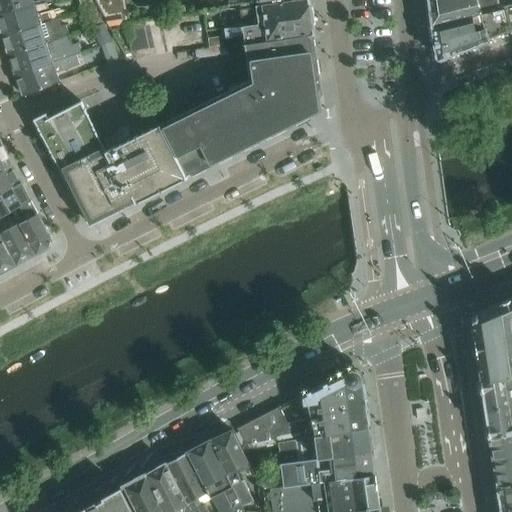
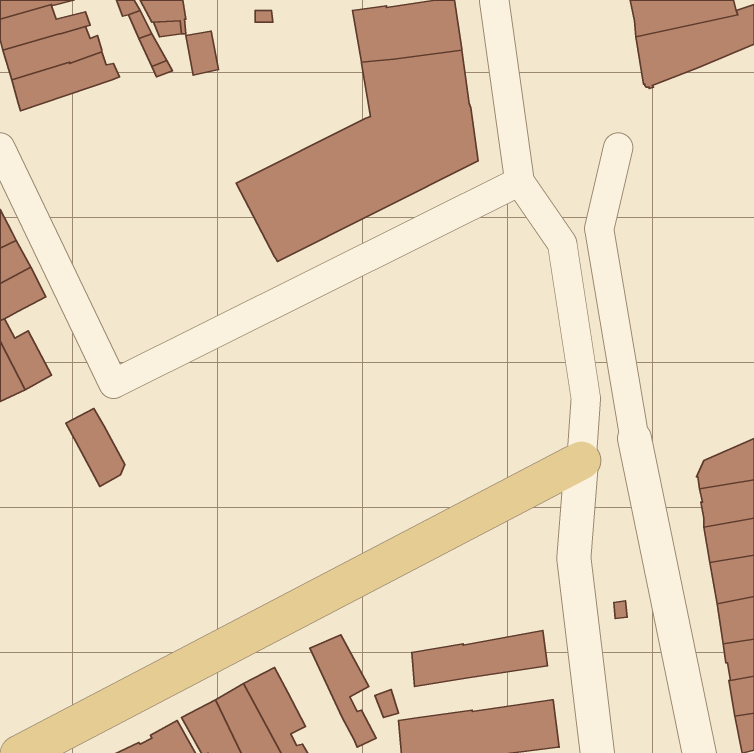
building: [14,55,79,96] -> none
building: [35,102,187,225] -> none
building: [12,202,52,255] -> [66,408,125,487]
building: [236,370,368,449] -> none
building: [186,440,240,507] -> none
building: [281,452,374,487] -> none

